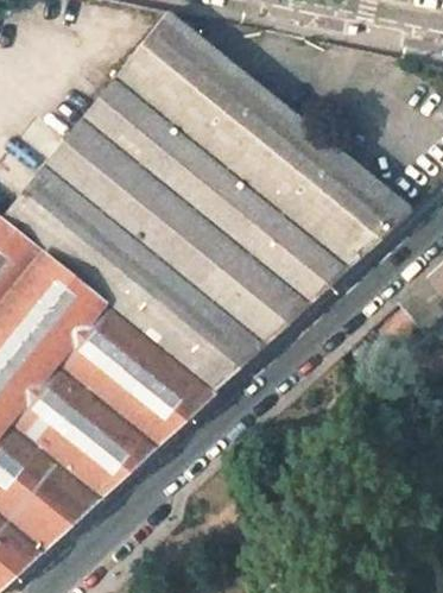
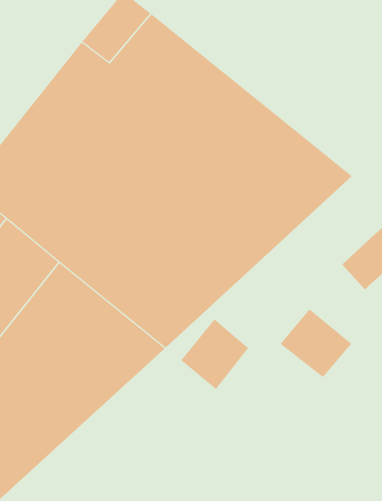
building: none -> [280,309,352,378]
building: none -> [180,318,249,390]

